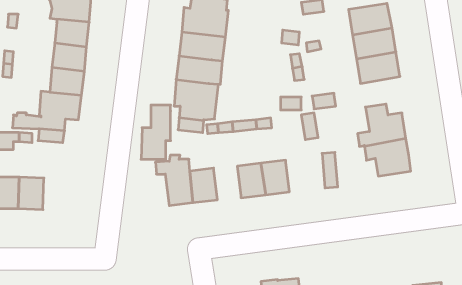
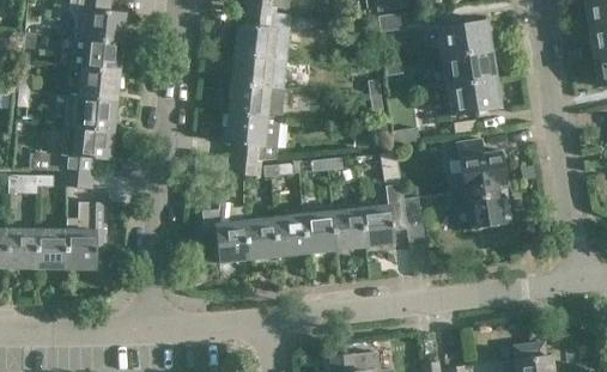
building: [141,105,171,159] -> [66,202,102,268]
building: none -> [360,205,395,246]
building: none -> [273,215,306,256]

